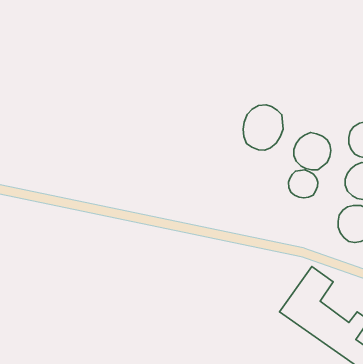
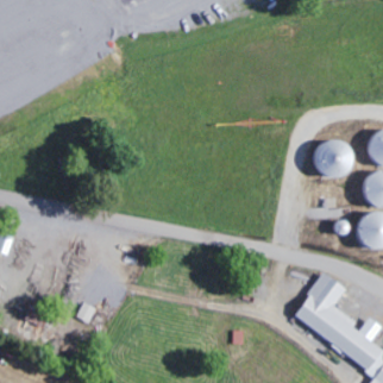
building: [243,105,283,150] -> none
building: [289,170,318,198] -> none

